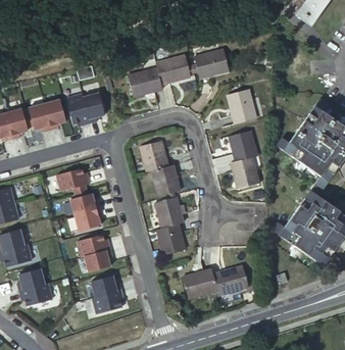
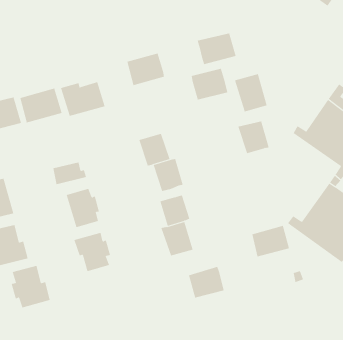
building: [153,57,188,87] -> [191,68,228,100]
building: [231,158,260,191] -> none
building: [211,264,247,294] -> [251,225,290,257]
building: [90,276,120,314] -> none

